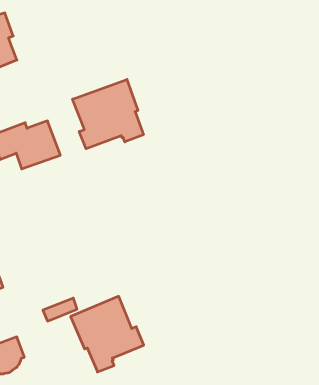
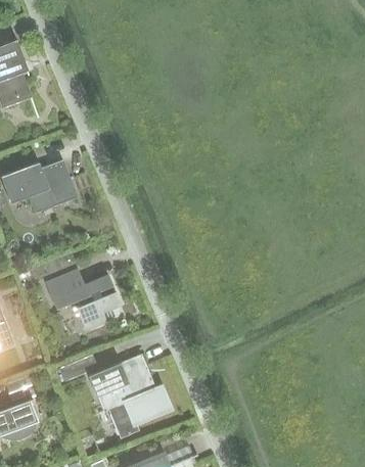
building: [73,79,143,149] -> none
building: none -> [46,270,121,330]

